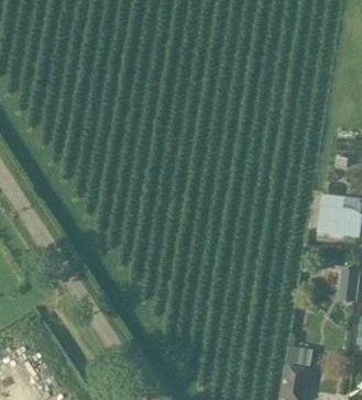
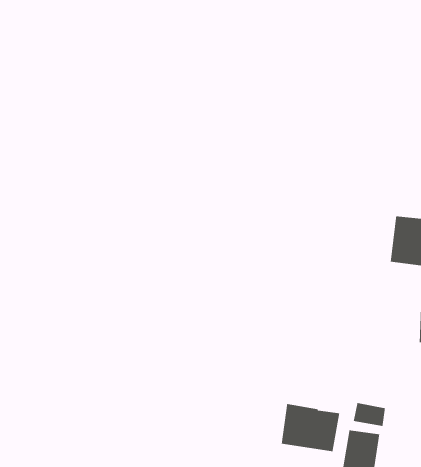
building: none -> [281,403,340,452]

